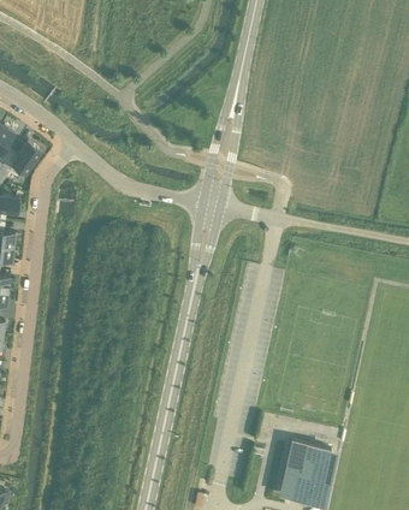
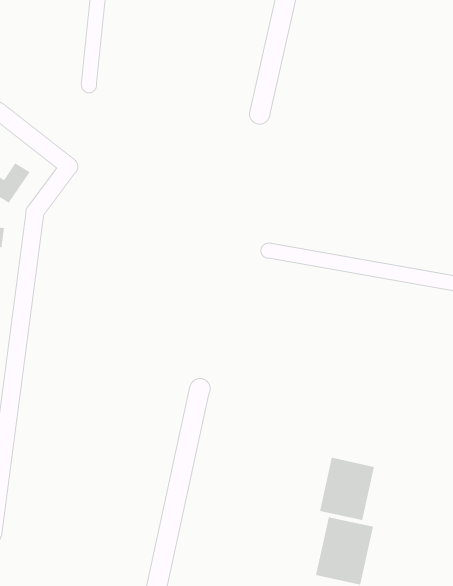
building: none -> [319,457,375,521]

